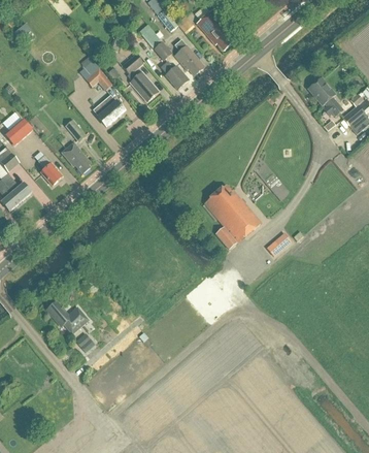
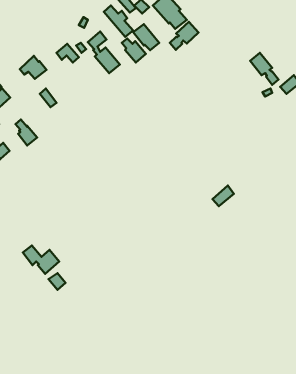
building: none -> [170,22,198,50]
building: [93,95,124,122] -> [20,56,46,79]
building: [61,142,90,174] -> none
building: [203,185,261,249] -> none

